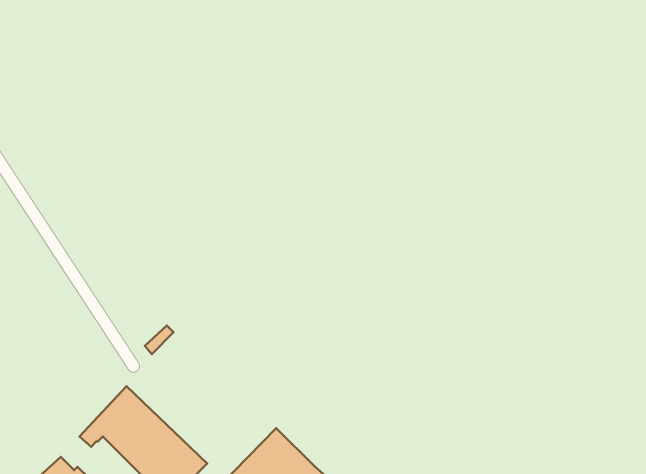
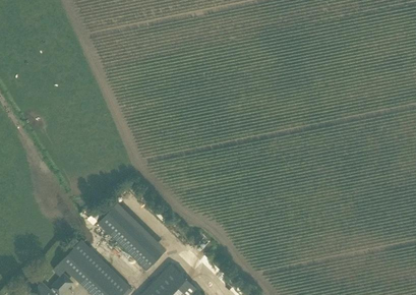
building: none -> [98,206,162,272]

